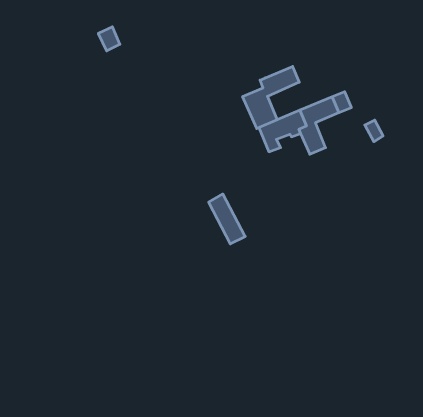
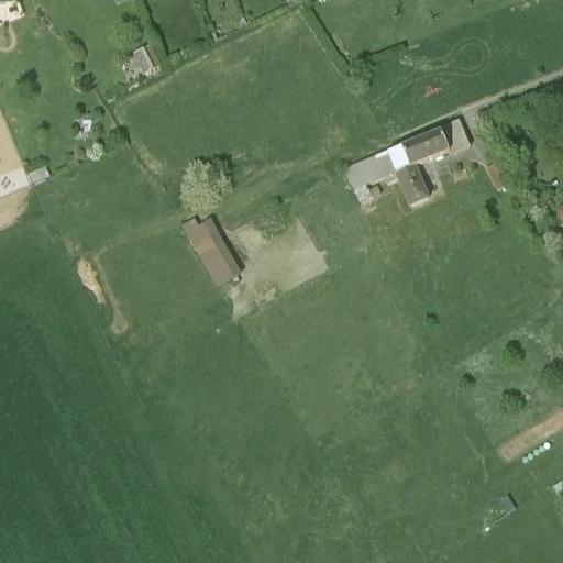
building: [243,66,299,129] -> none
building: [209,194,245,244] -> [188,216,236,282]

